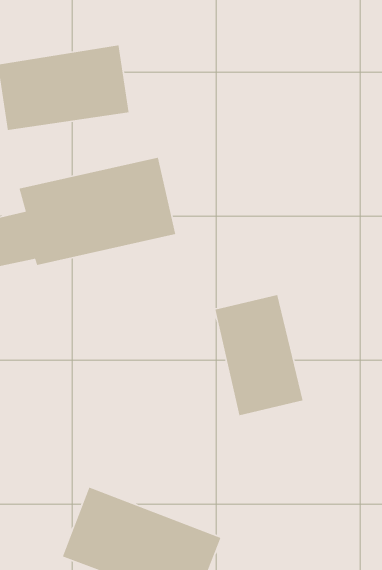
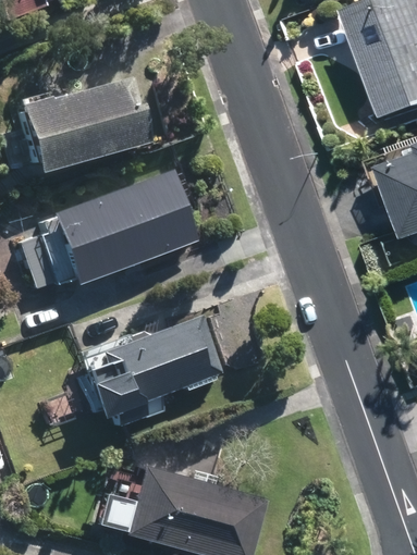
building: [214,294,304,416] -> none
building: none -> [87,319,220,421]

